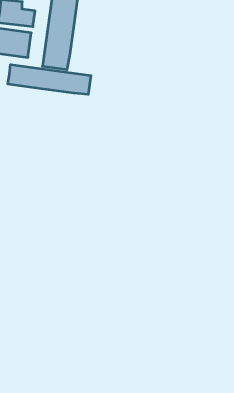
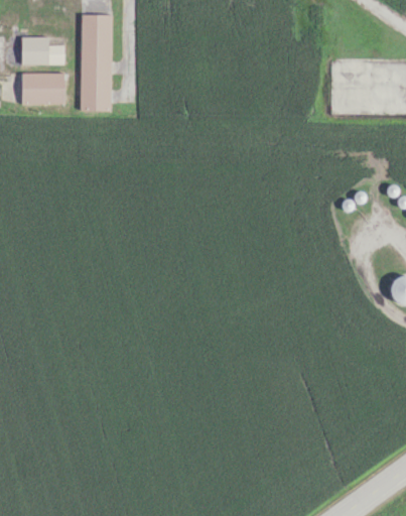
building: [8,65,91,94] -> none

